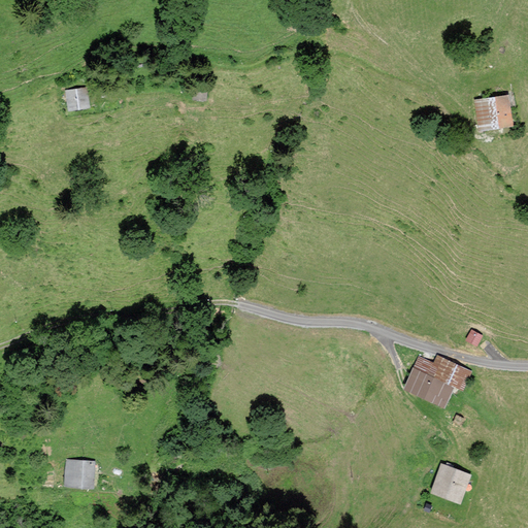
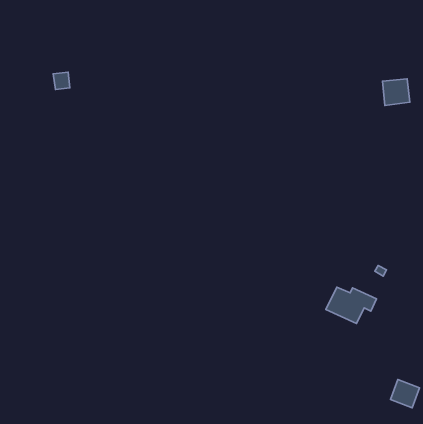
building: [66,460,94,484] -> none
building: [432,464,468,499] -> [390,380,419,408]

